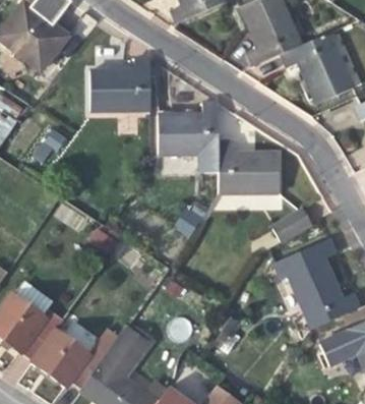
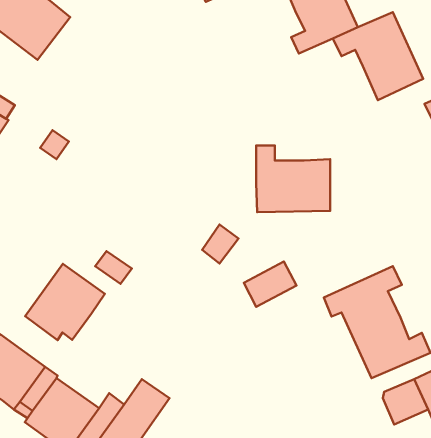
building: [90,58,151,112] -> none
building: [159,102,219,171] -> none
building: [271,207,314,243] -> [244,262,296,307]
building: none -> [25,264,105,340]

